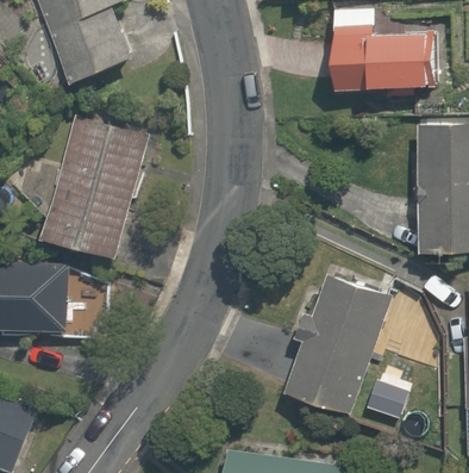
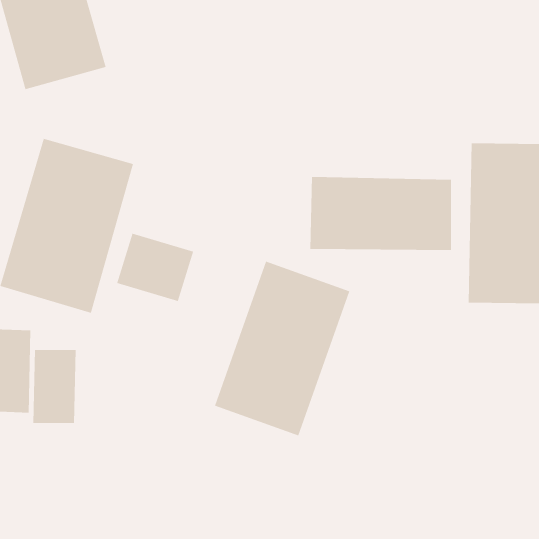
building: [321,25,433,83] -> [310,177,452,251]
building: none -> [117,233,194,302]
building: [284,274,392,412] -> [214,261,350,436]

